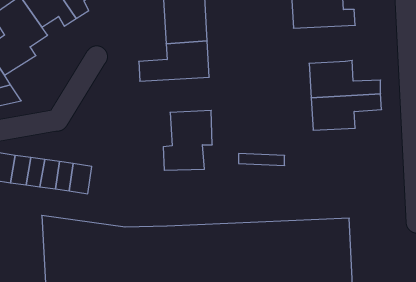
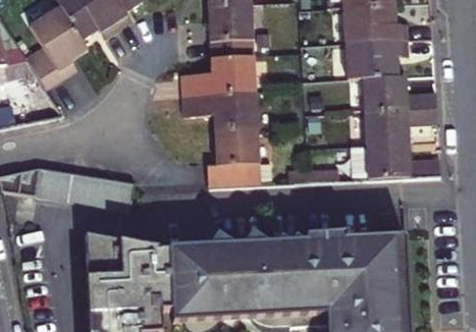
building: none -> [345,34,409,74]
building: none -> [184,88,259,124]
building: none -> [365,141,439,178]

